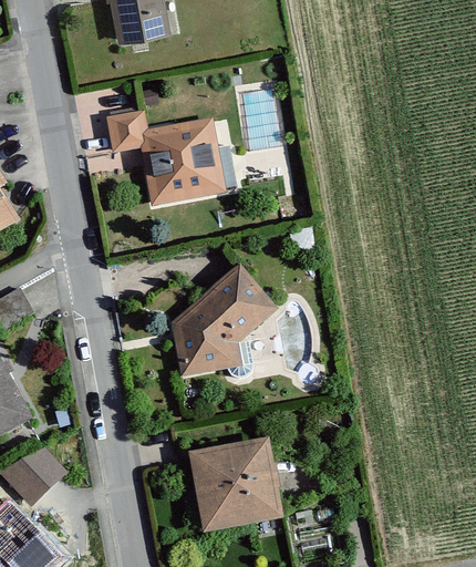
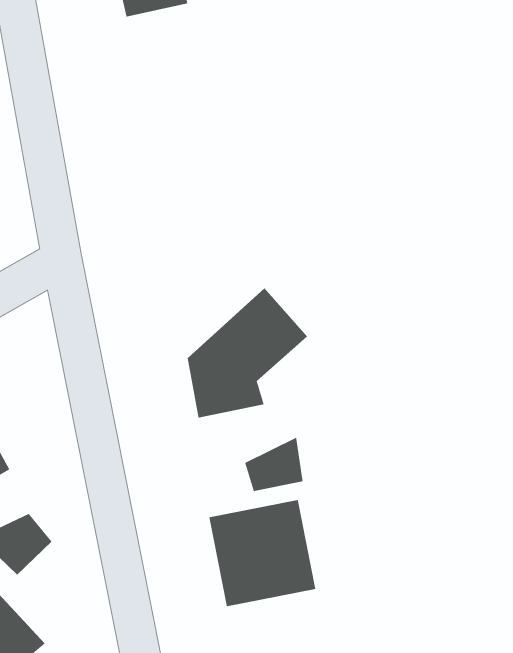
building: [111,121,234,208] -> none
building: none -> [245,437,303,492]

